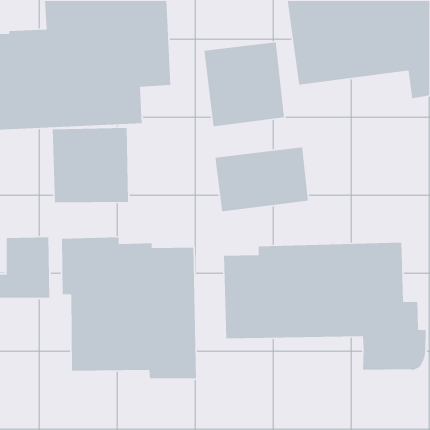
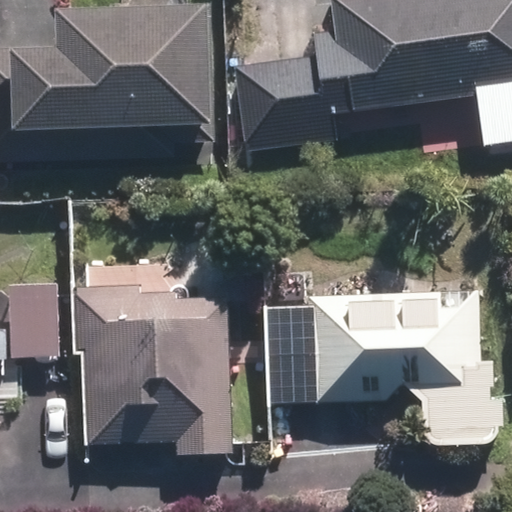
building: [52,127,129,203] -> none
building: [215,147,309,212] -> none

